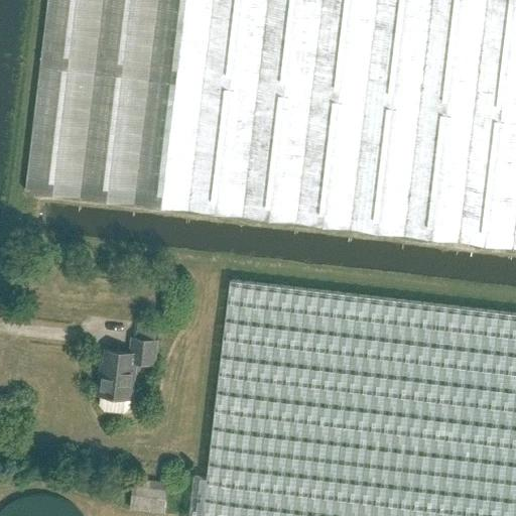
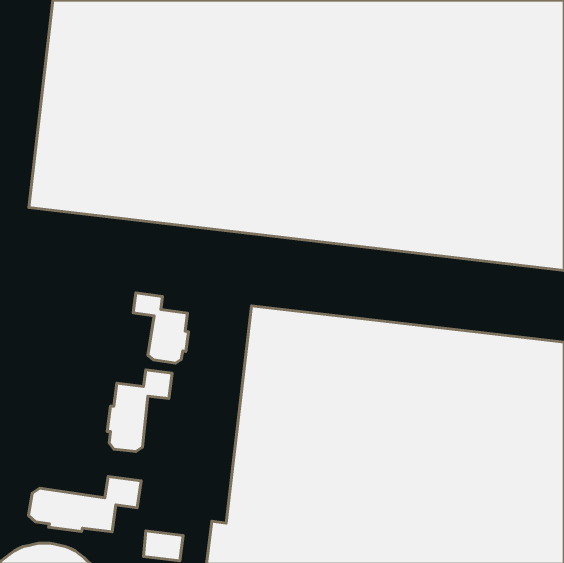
building: none -> [133,293,189,363]
building: none -> [29,477,141,532]

